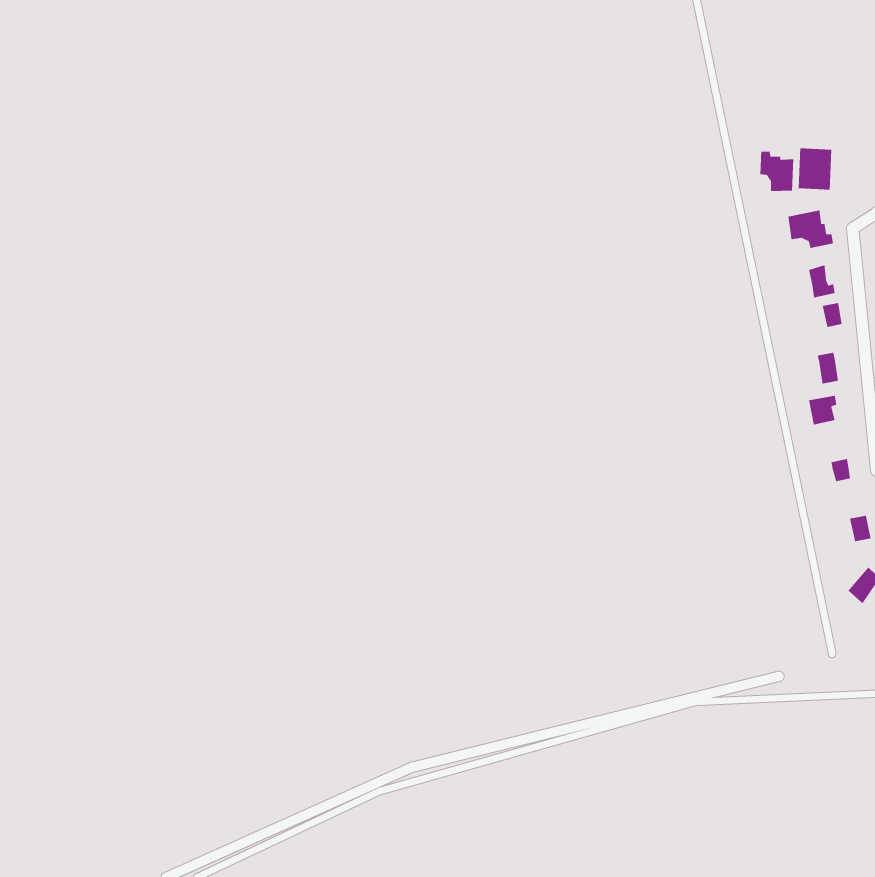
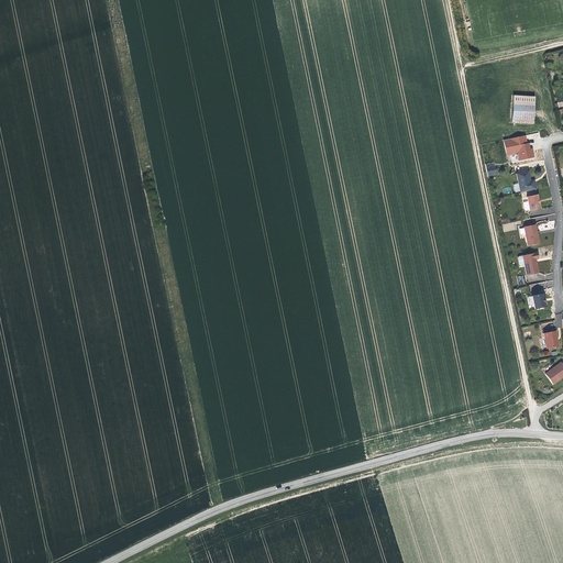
building: [760,151,794,192] -> none

